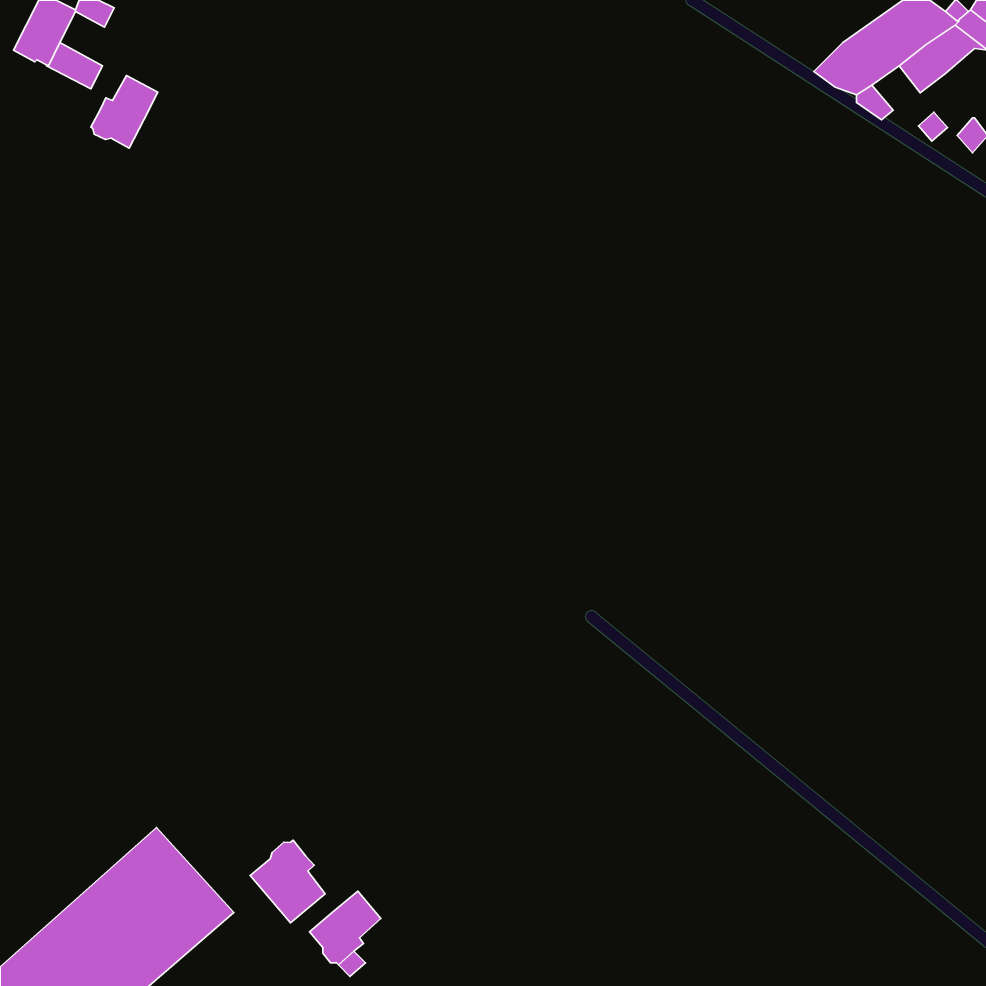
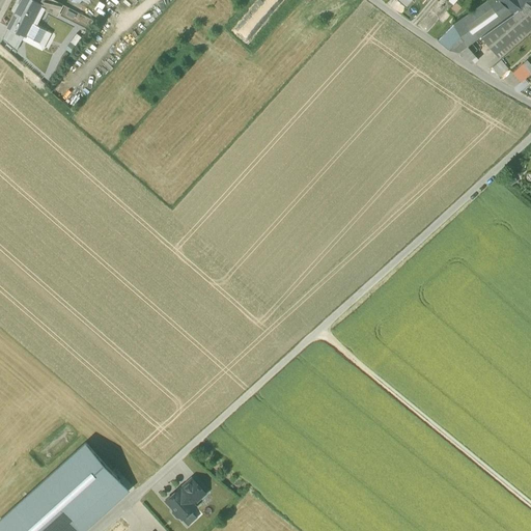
building: [91,76,158,148] -> none
building: [250,840,325,923] -> none

